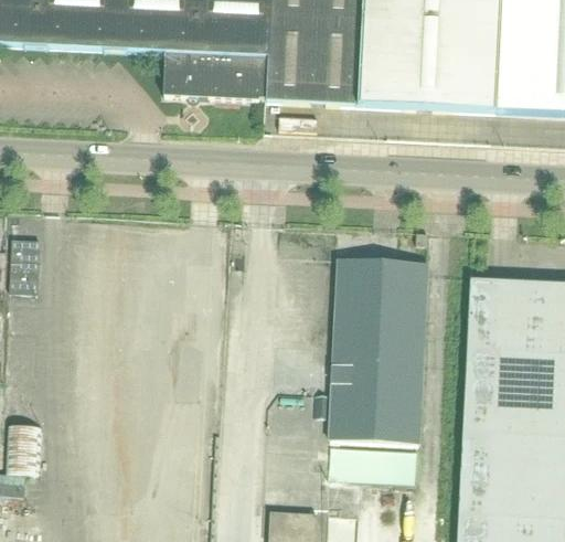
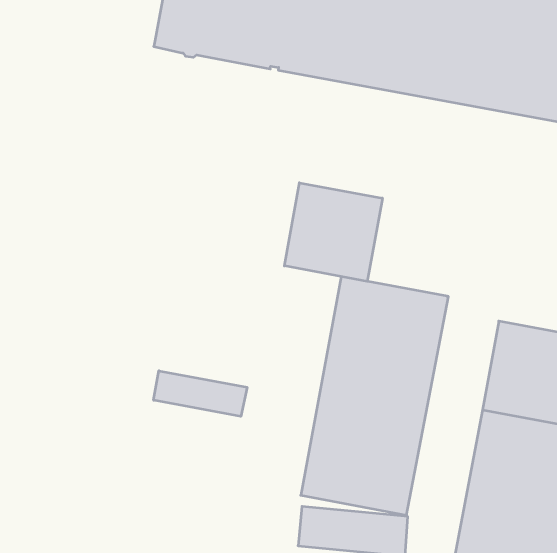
building: none -> [284,183,382,281]
building: none -> [154,371,247,416]

